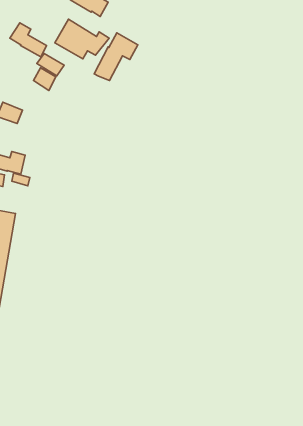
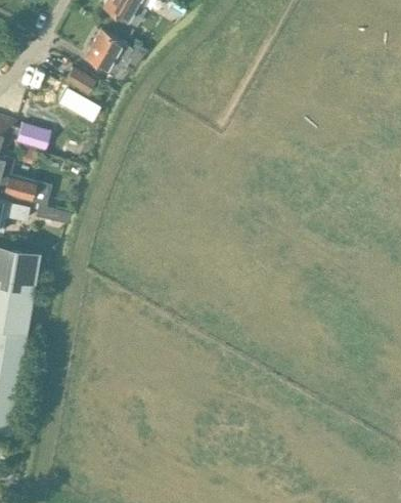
building: [10,23,46,57] -> none
building: [94,33,138,81] -> none

